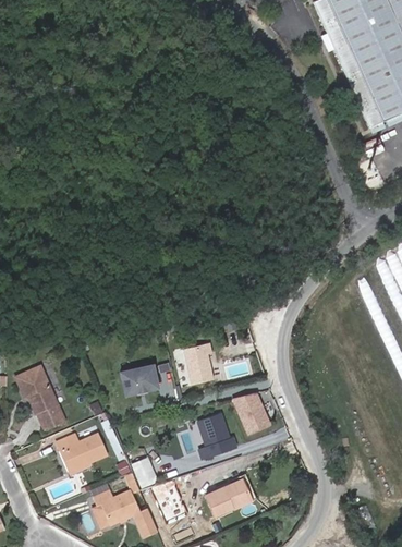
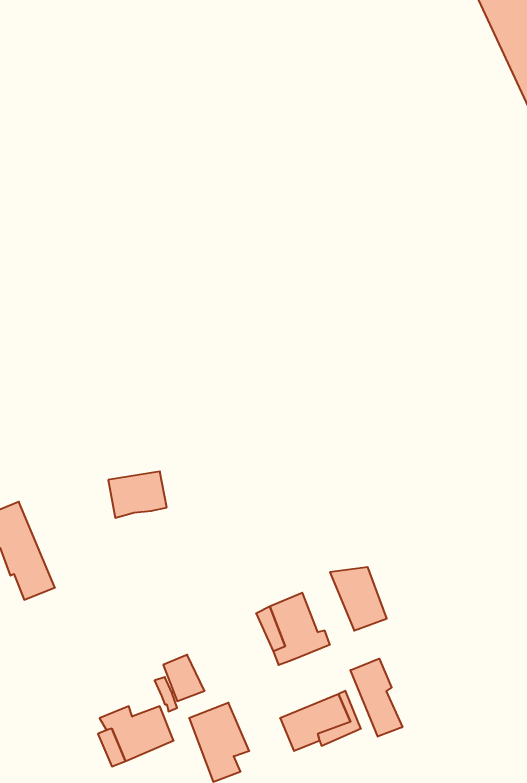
building: [188,348,216,387] -> none
building: [124,368,161,398] -> [108,471,167,518]
building: [57,431,108,470] -> none
building: none -> [350,659,402,737]

